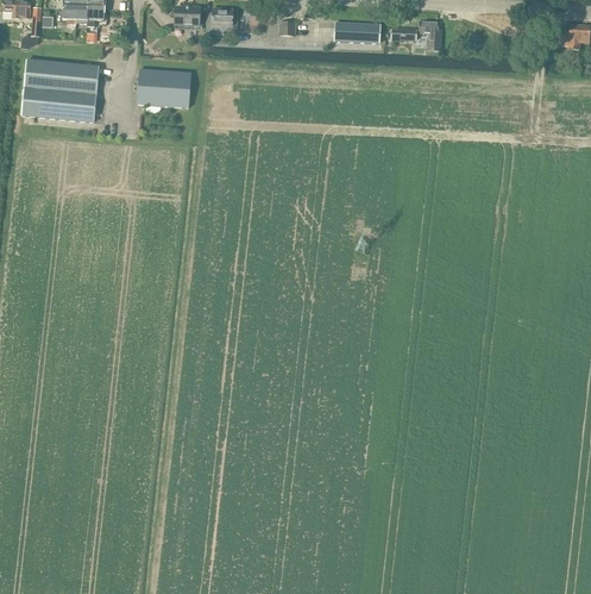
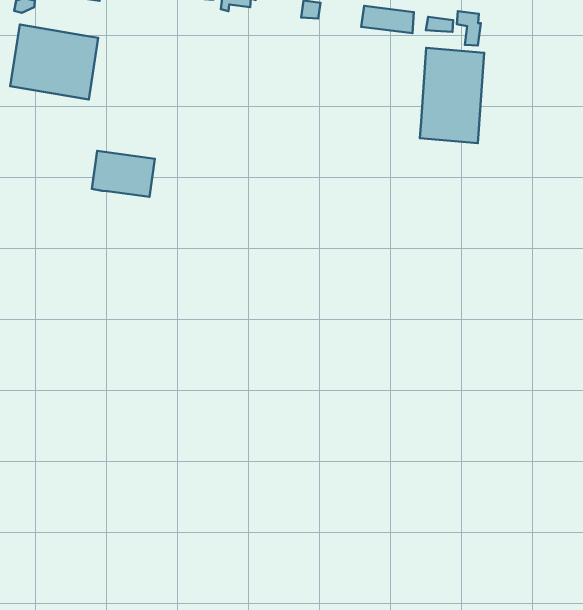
building: none -> [420,48,484,143]
building: [136,69,190,107] -> [92,151,155,197]

